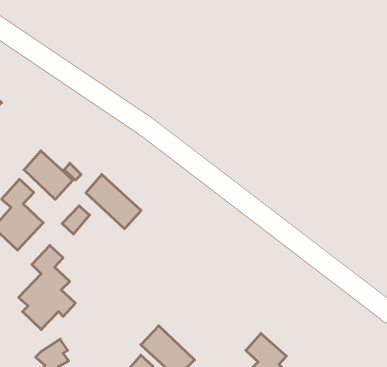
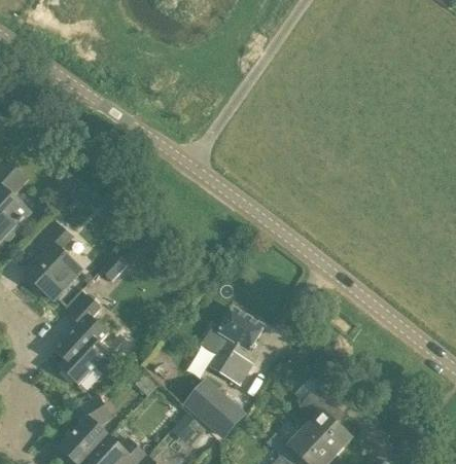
building: [24,151,73,199] -> none
building: [86,174,141,229] -> none
building: none -> [209,310,262,386]

